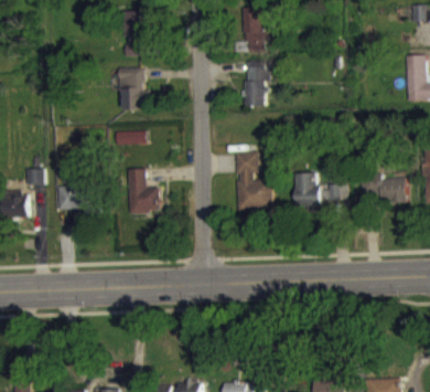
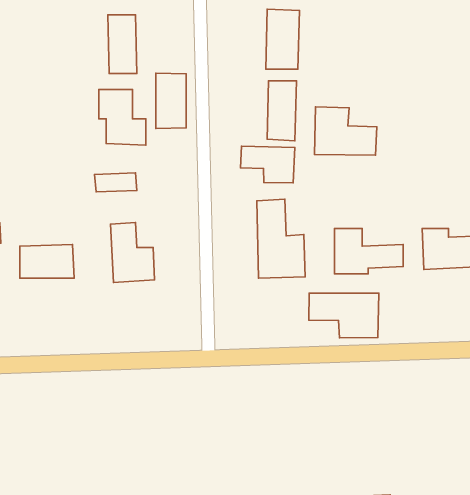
building: none -> [156,73,186,128]
building: none -> [314,107,377,155]
building: none -> [241,146,295,183]
building: none -> [309,293,379,338]

